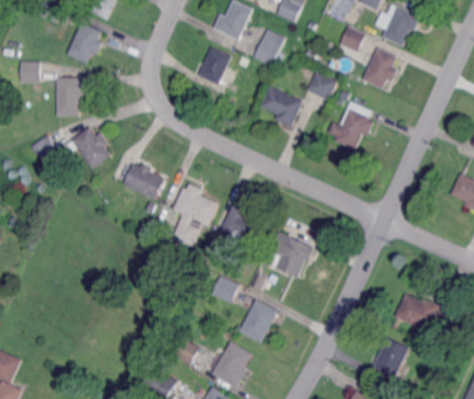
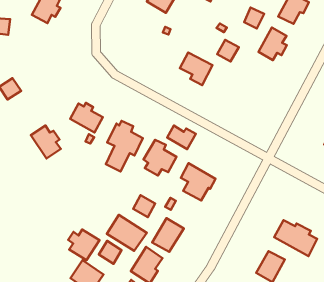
building: [254,28,284,64] -> none
building: [196,46,231,87] -> none
building: [57,75,86,114] -> none
building: [335,108,375,147] -> none
building: [72,125,111,167] -> [31,126,61,158]
building: none -> [167,126,196,149]
building: none -> [107,215,147,251]
building: none -> [68,229,99,260]

